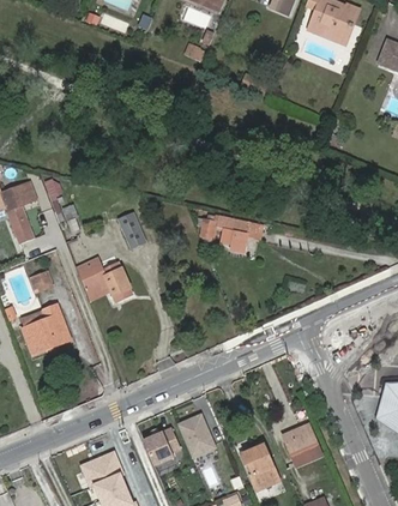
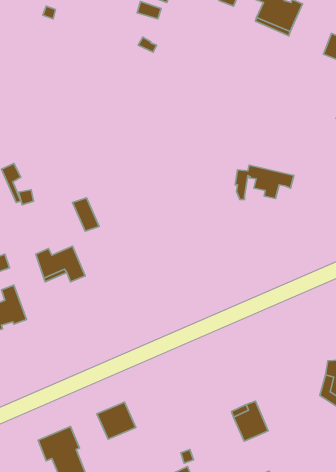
building: [200,215,261,251] -> [235,165,294,200]
building: [176,411,217,458] -> none
building: [240,444,279,490] -> none

